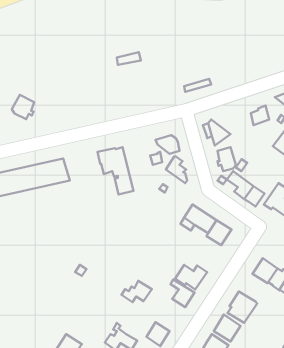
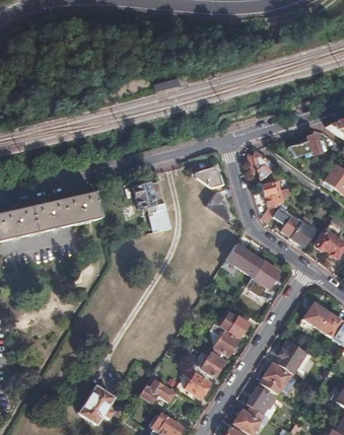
building: [12,95,34,119] -> none
building: [121,281,152,302] -> [192,353,225,376]

